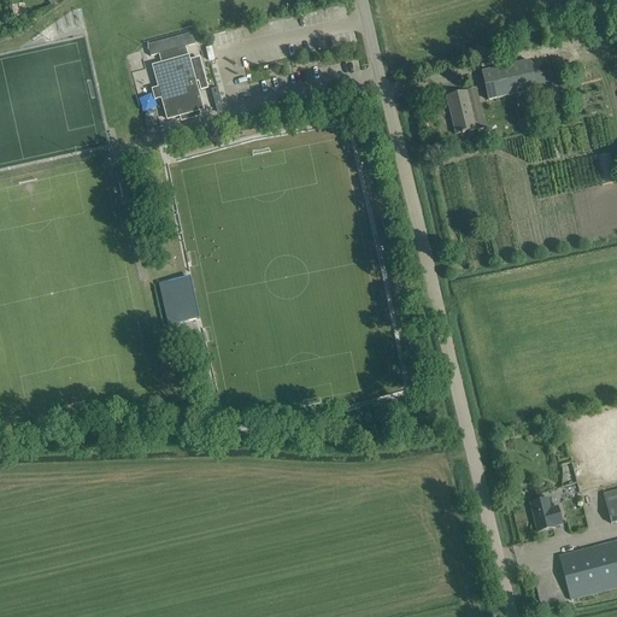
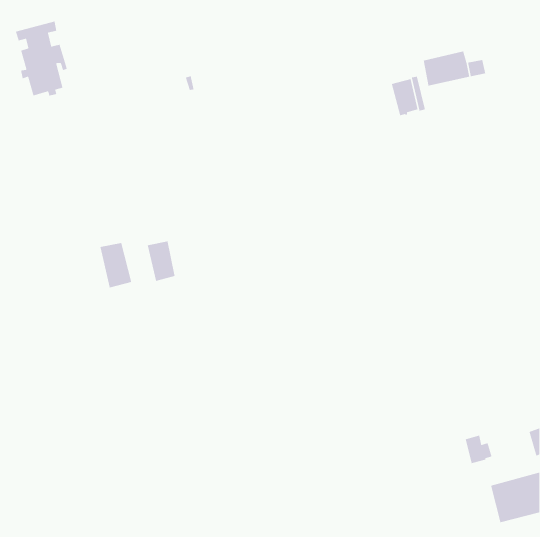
building: [147,30,207,117] -> [15,20,68,96]
building: none -> [100,242,132,288]

